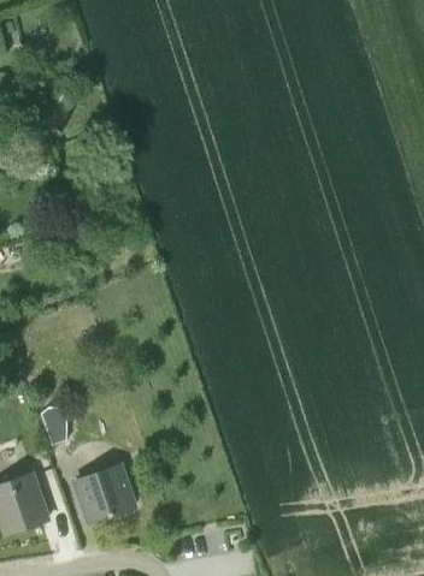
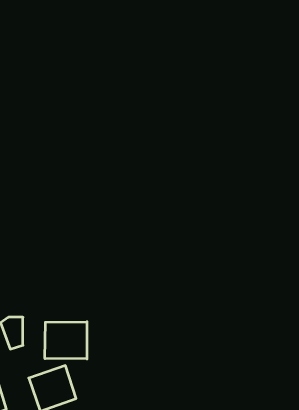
building: none -> [45,322,87,359]

